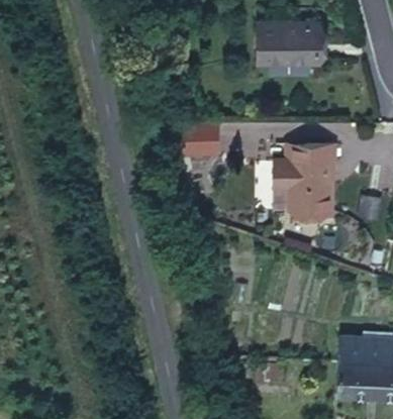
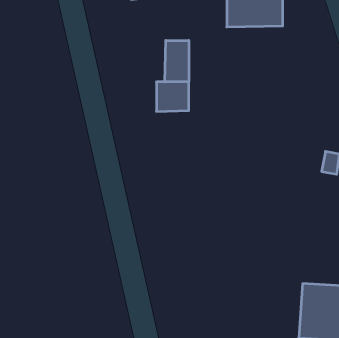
building: none -> [165,40,189,82]
building: [275,145,336,213] -> none

